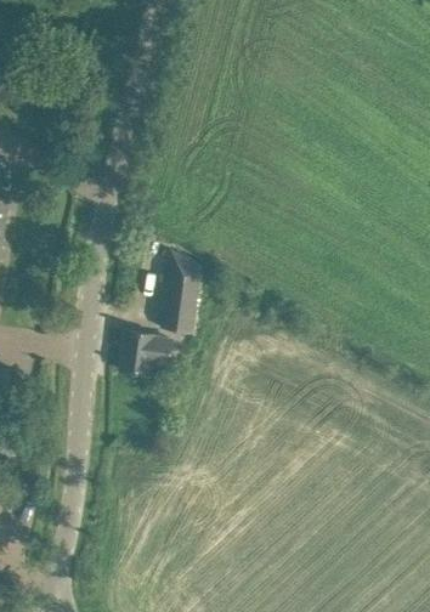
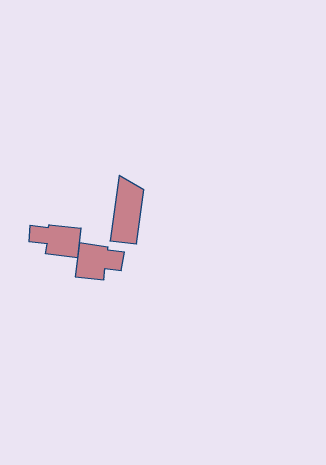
building: none -> [29,225,81,258]

